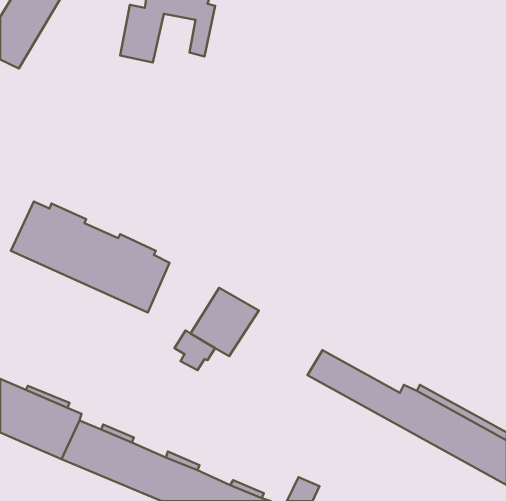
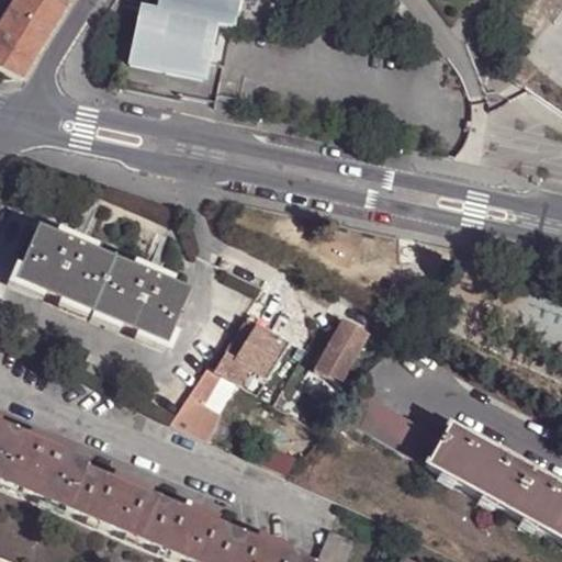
building: none -> [170,15,217,77]
building: none -> [314,318,368,382]
building: none -> [171,385,222,440]

